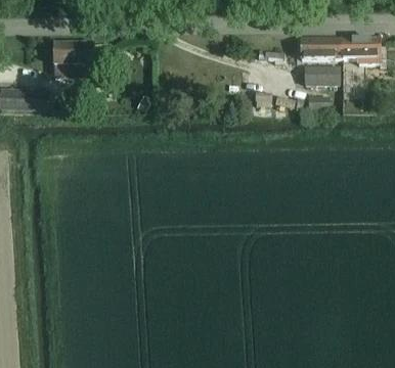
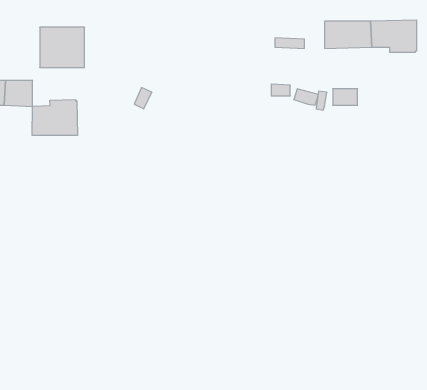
building: [304,65,340,86] -> none
building: none -> [32,100,78,135]

